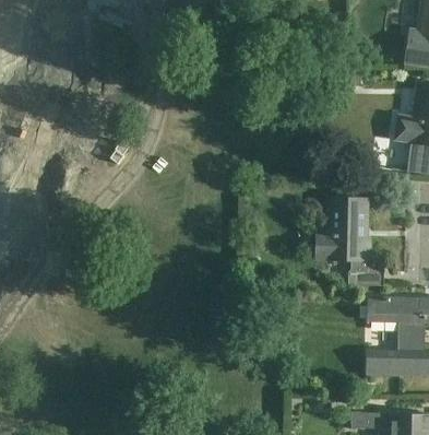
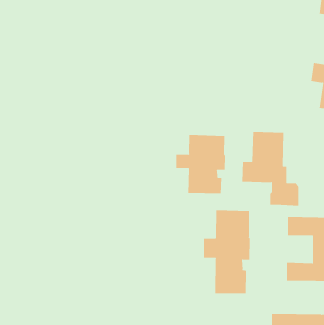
building: none -> [176,134,226,194]
building: none -> [203,210,250,294]

